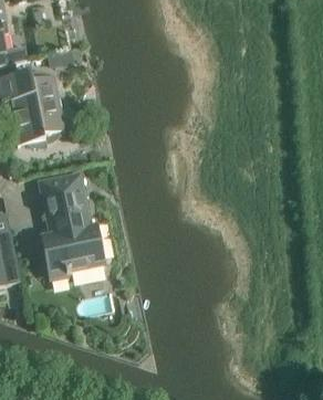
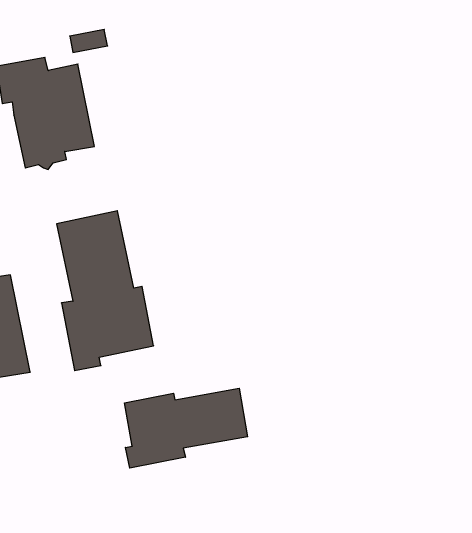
building: none -> [125,388,248,468]

